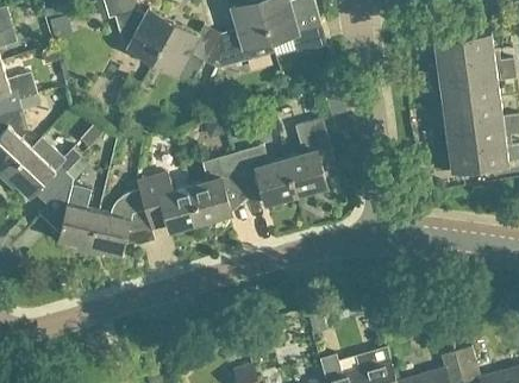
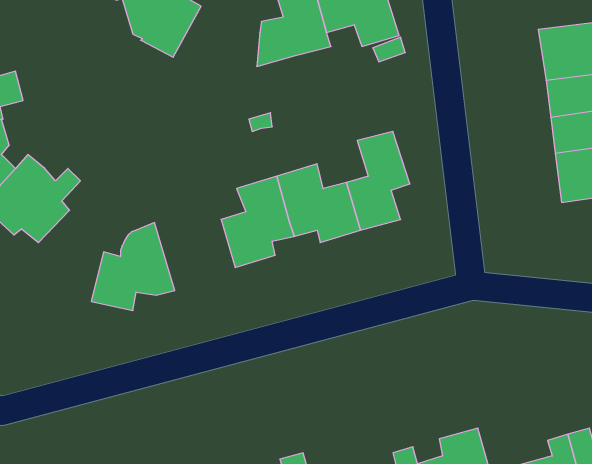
building: [152,23,220,82] -> none
building: [136,172,200,233] -> none
building: [39,180,99,250] -> none

